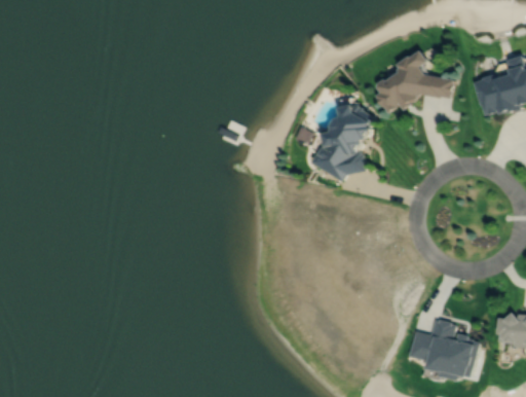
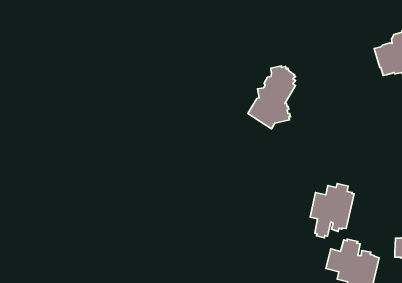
building: [377,47,454,111] -> none
building: none -> [310,183,354,238]

